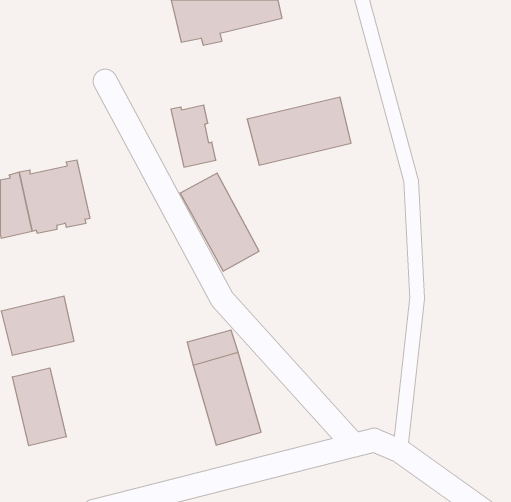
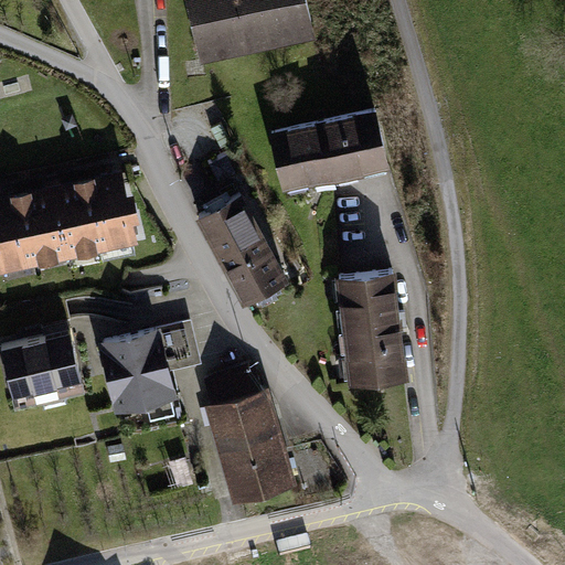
building: [171,105,216,167] -> [85,182,135,250]
building: none -> [340,278,405,388]
building: none -> [103,329,200,413]
building: [12,368,66,446] -> none

